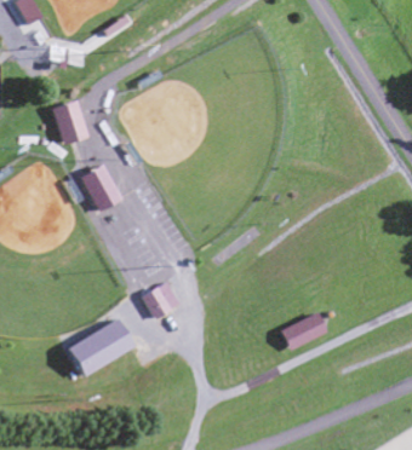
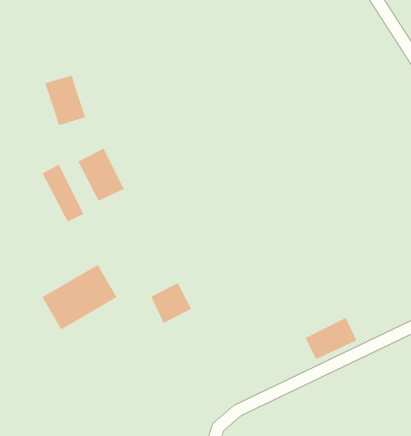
building: none -> [42,164,84,223]
building: [68,318,135,376] -> [42,264,117,330]

